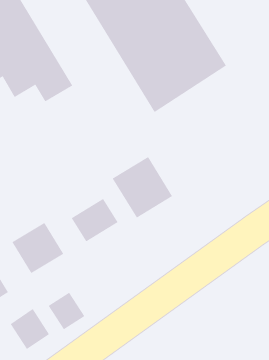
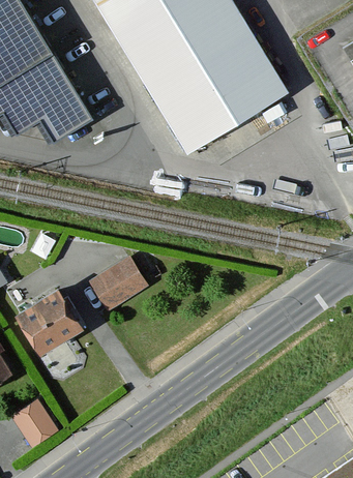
building: [112,156,173,218] -> none
building: [48,292,85,330] -> none

